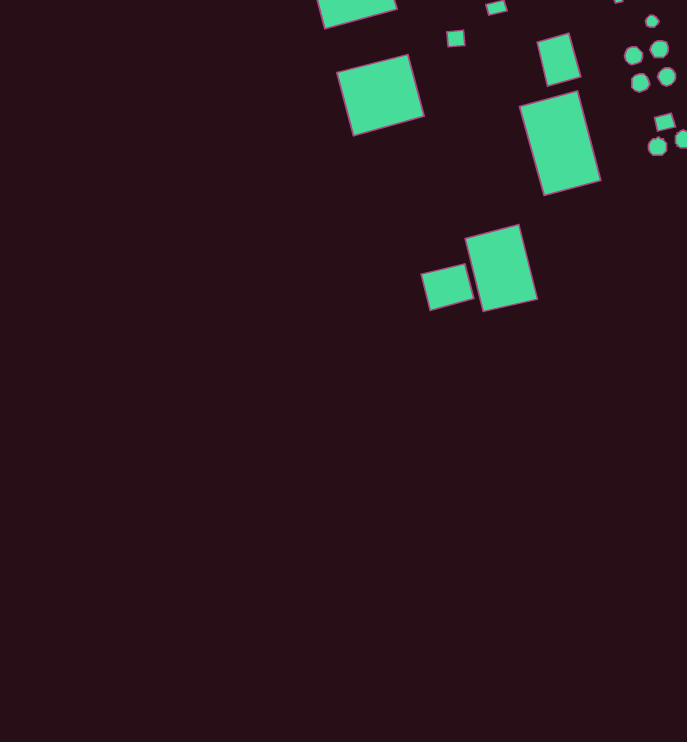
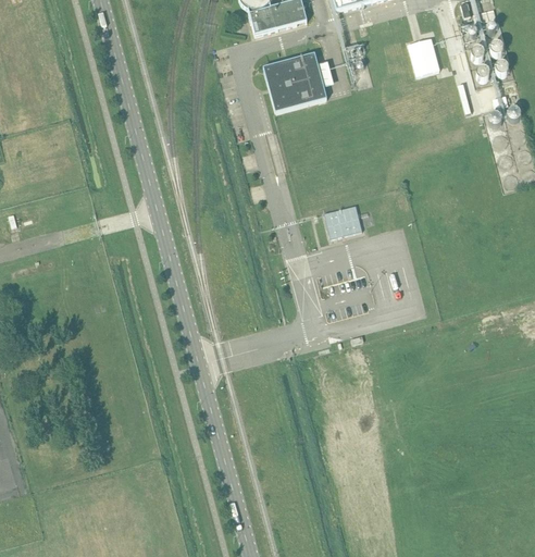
building: [519,91,601,196] -> none
building: [465,224,537,312] -> none

